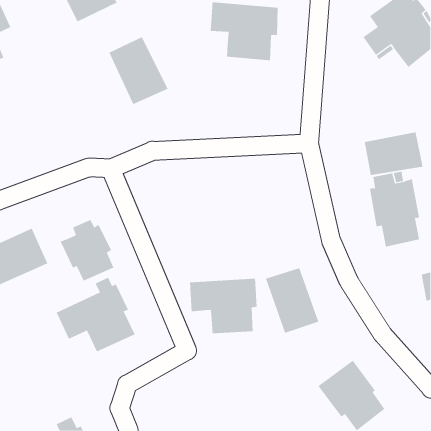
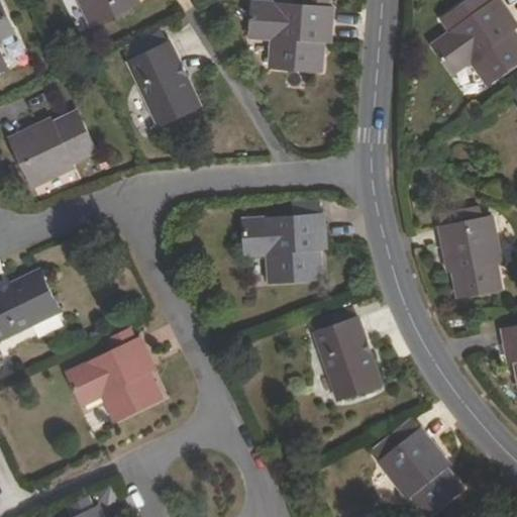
building: none -> [10,112,96,187]
building: [364,131,423,176] -> none
building: [60,219,114,282] -> none
building: [189,278,258,334] -> [243,214,325,281]

